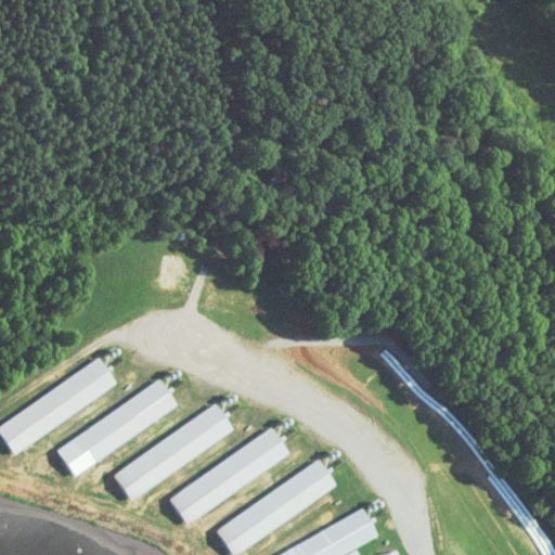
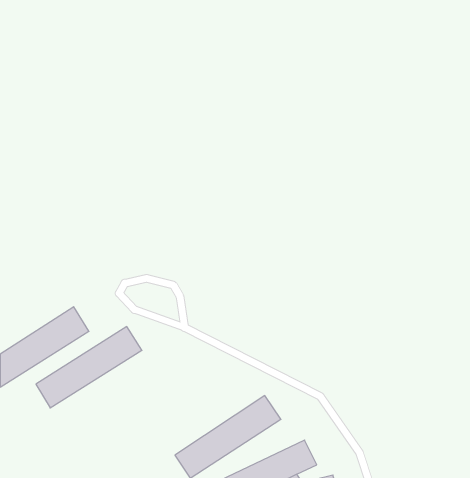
building: [112,405,234,498] -> none
building: [168,428,289,522] -> none

